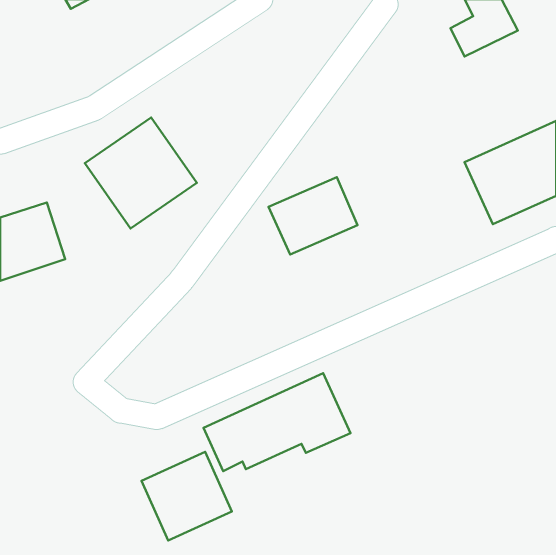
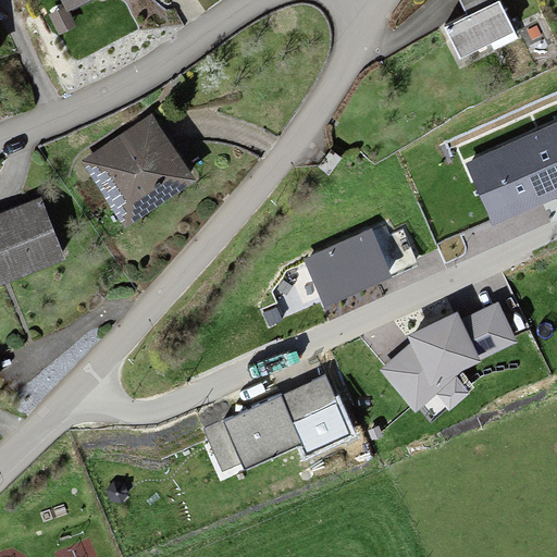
building: [268,177,358,255] -> [302,228,392,306]
building: none -> [380,300,516,411]
building: [141,452,232,541] -> none

